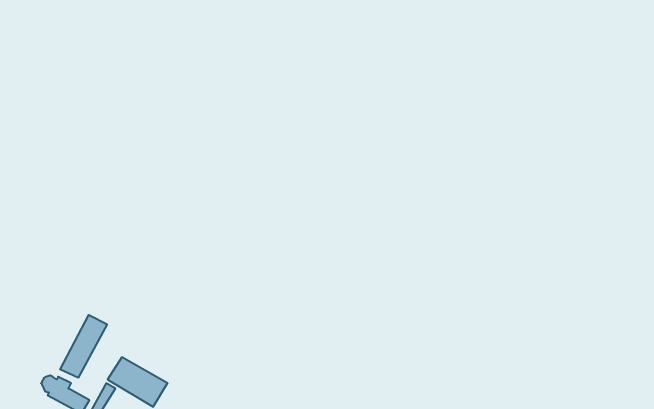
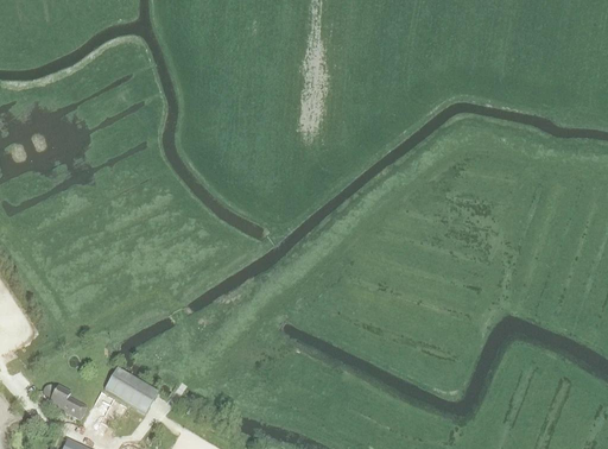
building: [60,315,107,378] -> none

